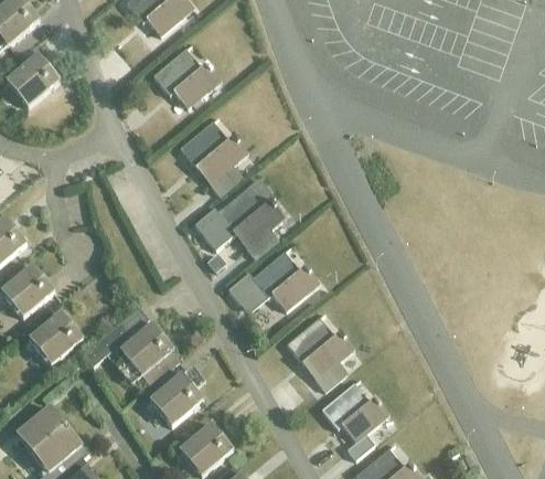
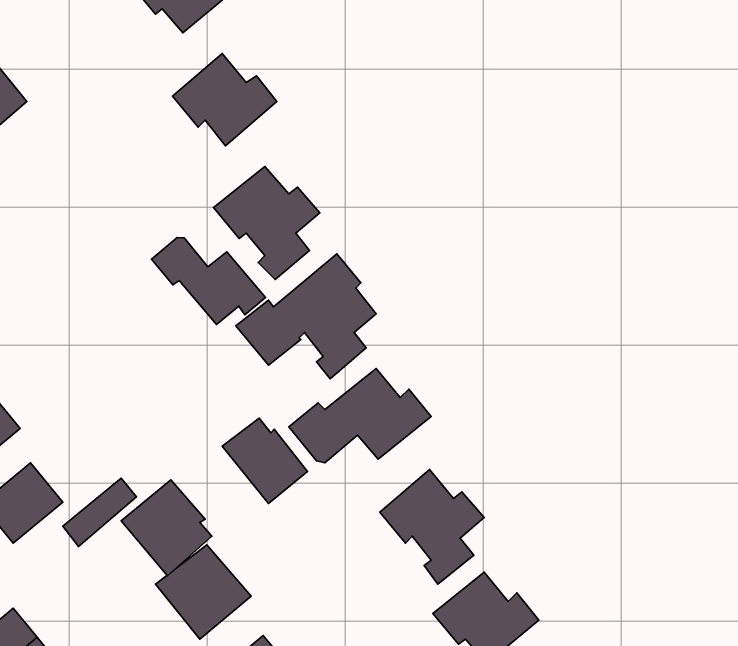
building: none -> [152,237,266,325]
building: none -> [222,418,307,504]

